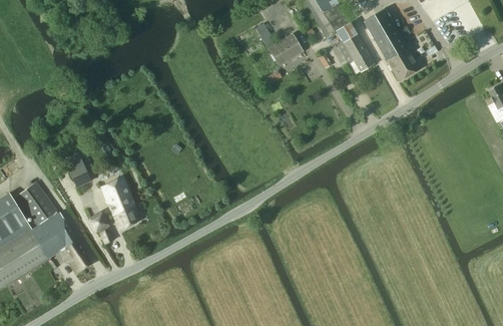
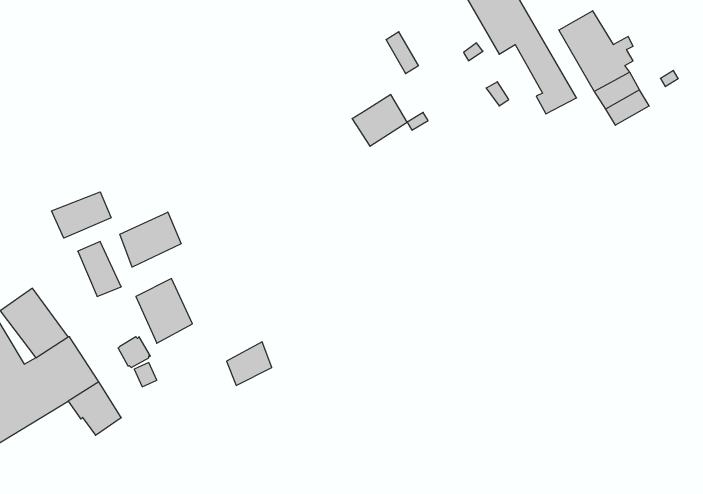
building: [268,33,302,65] -> [352,95,407,146]
building: none -> [51,192,111,238]
building: none -> [120,212,181,267]
building: [113,204,141,231] -> [227,342,272,385]

